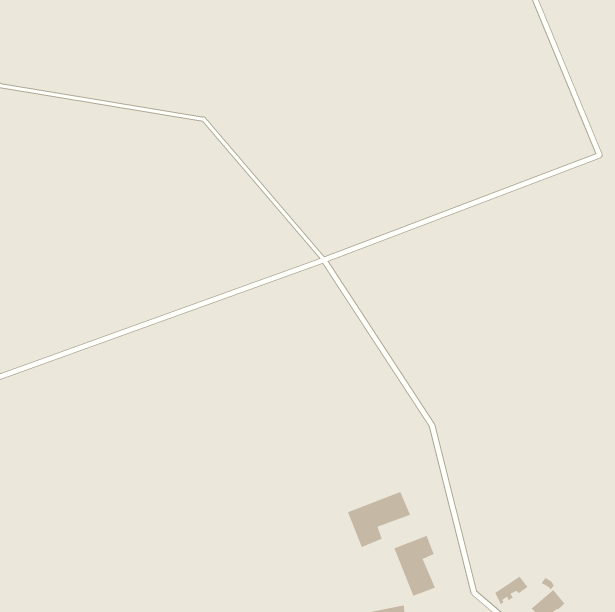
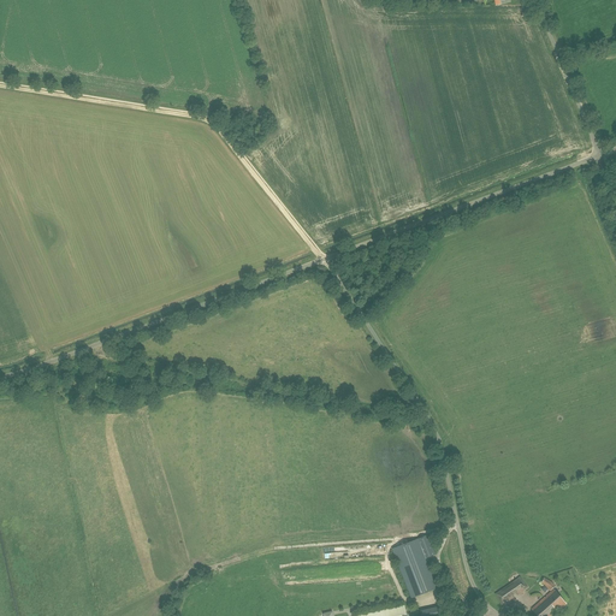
building: [347,491,411,548] -> none

